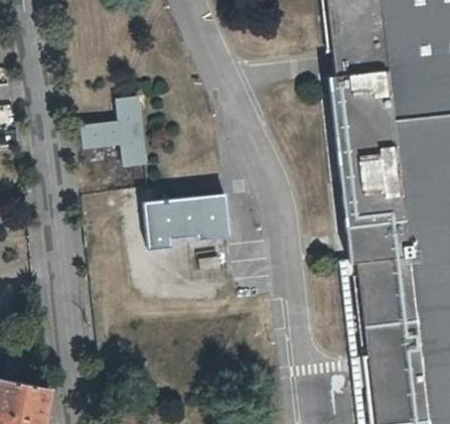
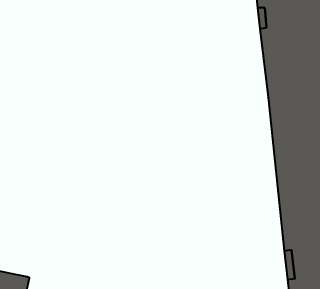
building: [82,98,145,168] -> none
building: [145,195,232,252] -> none

